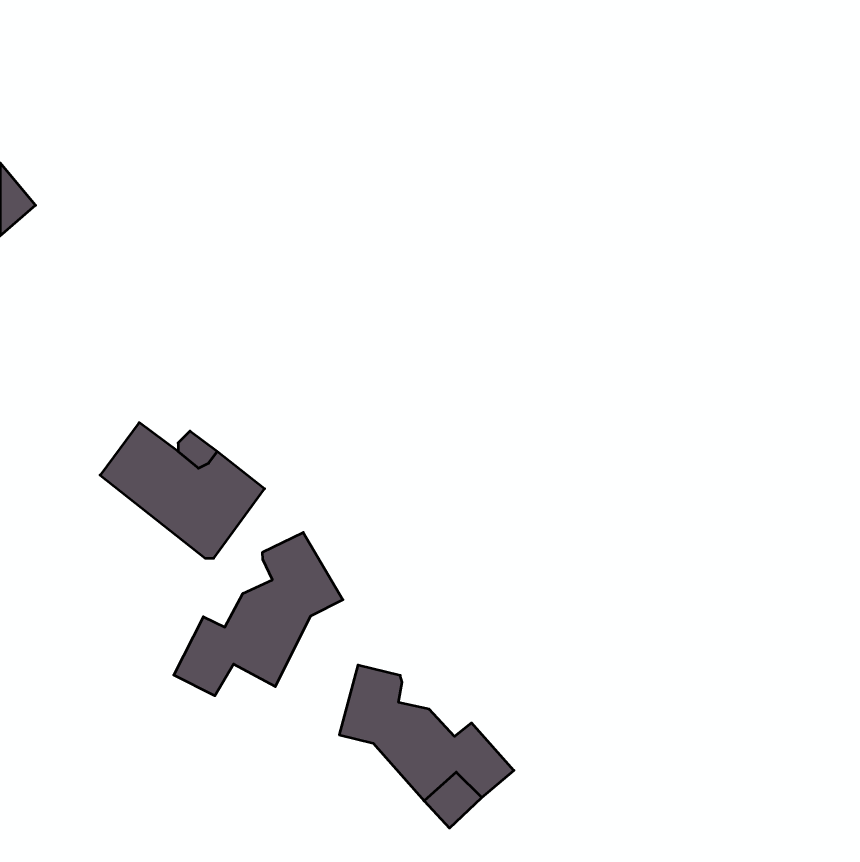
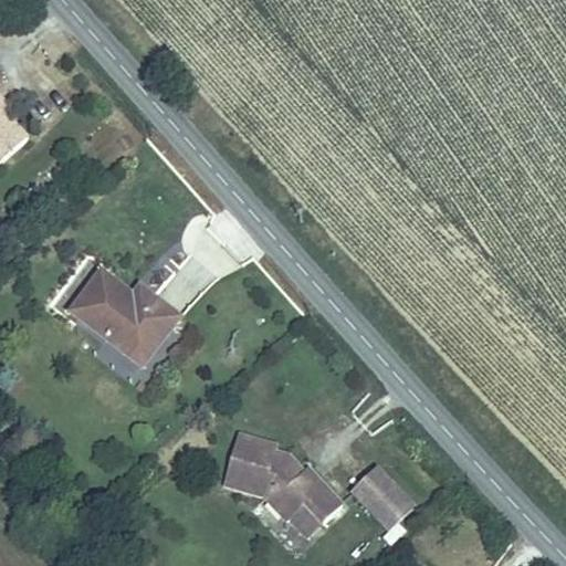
building: [174,532,343,696] -> none
building: none -> [355,462,423,531]

